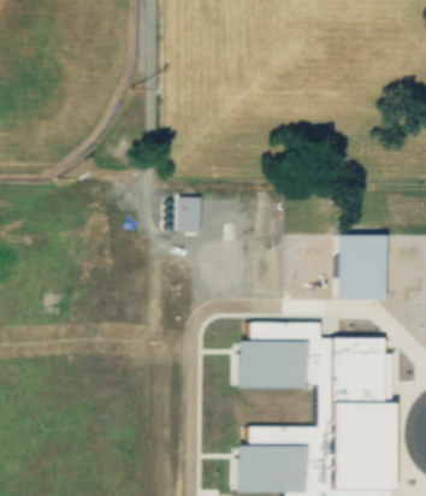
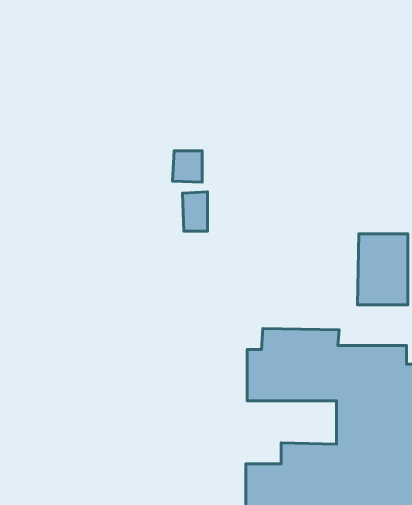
building: none -> [172,151,202,182]

